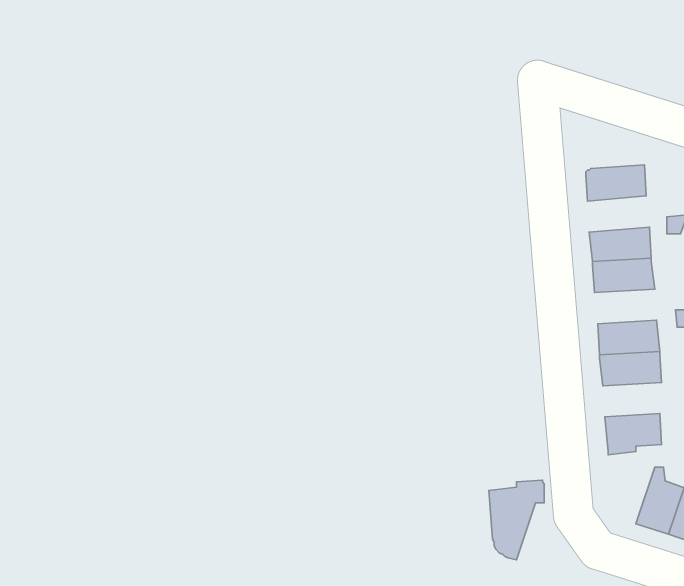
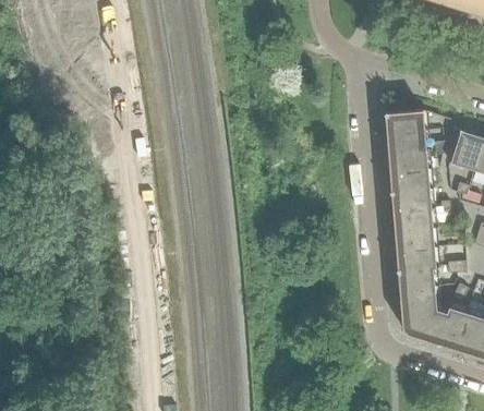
building: none -> [387,128,426,150]
building: none -> [391,186,431,208]
building: none -> [397,245,436,267]
building: [489,480,544,560] -> [400,285,435,335]

